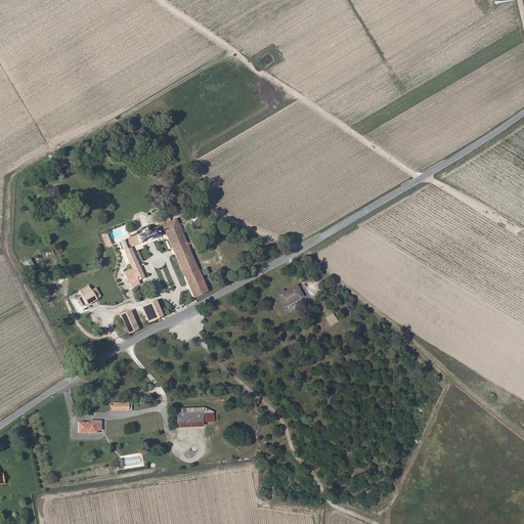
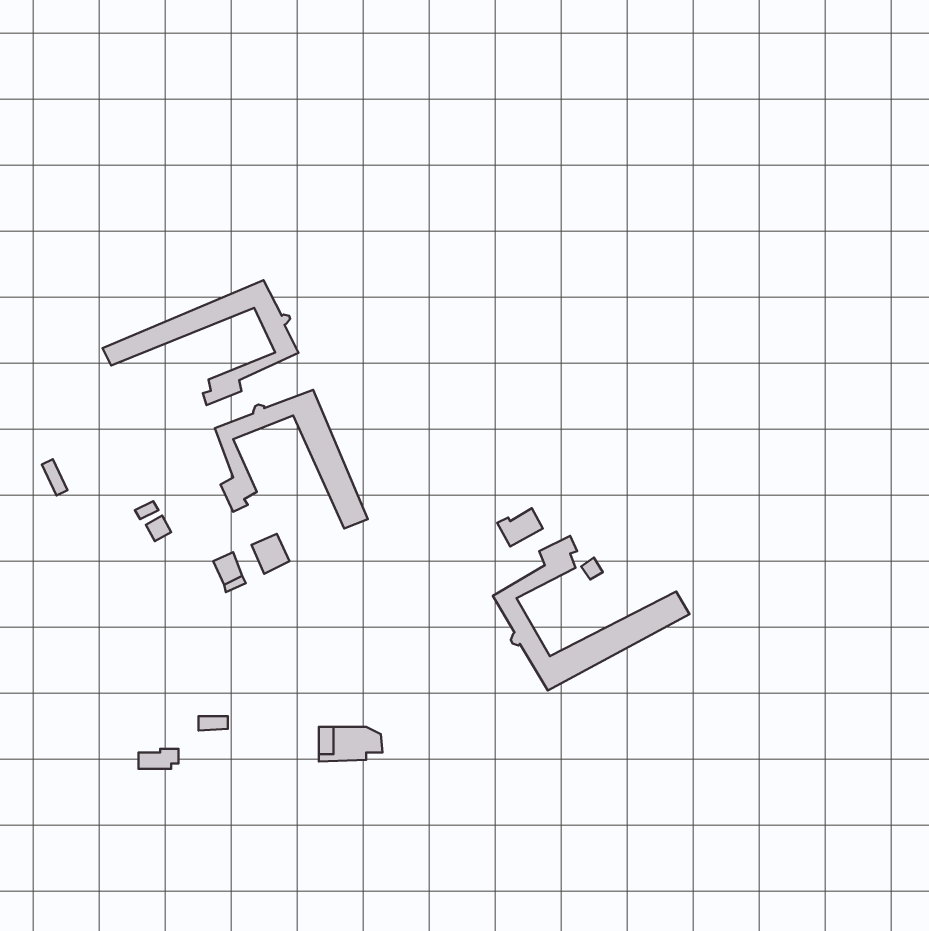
building: none -> [103,280,299,405]
building: none -> [493,536,689,690]

